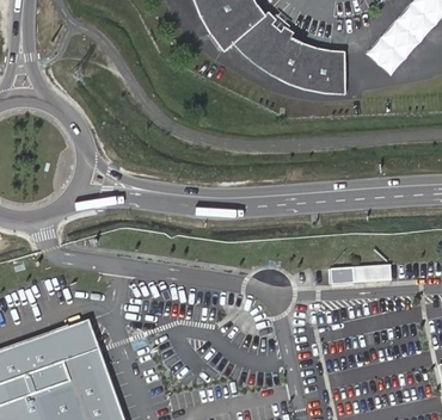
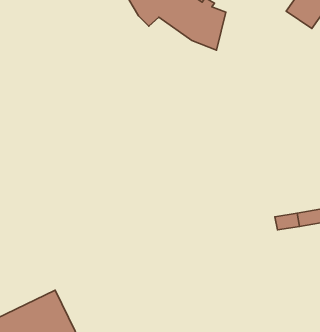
building: [289,45,344,95] -> none

